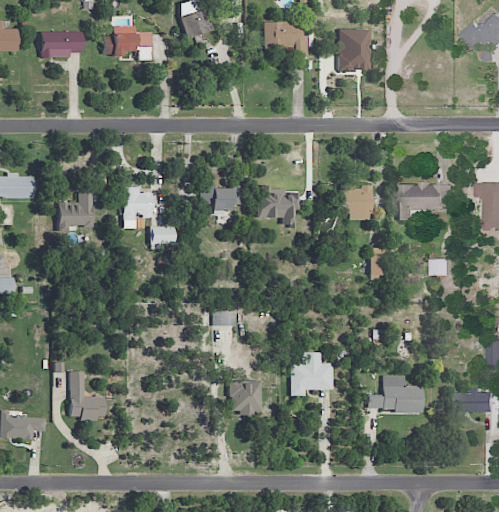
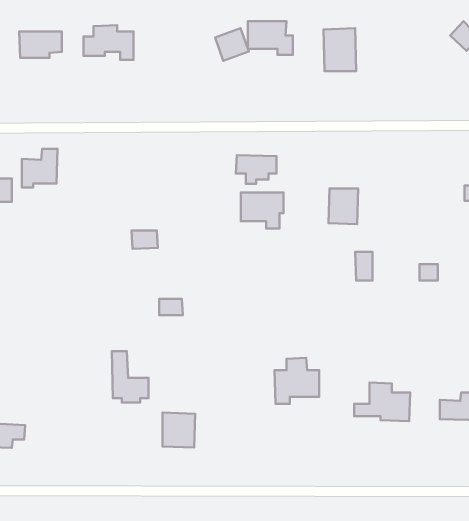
building: [180,6,213,38] -> [215,28,249,61]
building: [399,183,452,220] -> none
building: [123,186,154,228] -> none
building: [201,186,241,214] -> [236,155,277,184]
building: [59,192,94,230] -> [22,149,58,187]
building: [213,310,236,326] -> [159,299,183,315]
building: [69,370,105,420] -> [112,351,148,402]
building: [230,379,262,413] -> [162,413,195,447]

